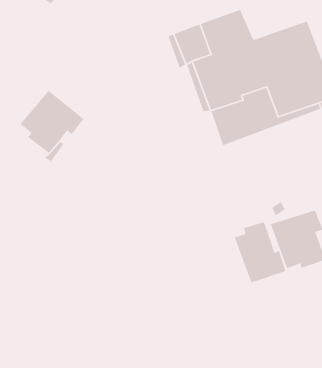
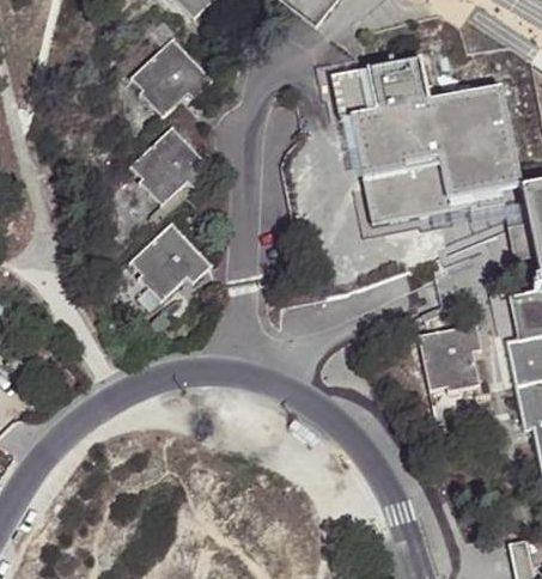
building: none -> [129,33,212,115]
building: none -> [127,225,206,301]
building: [234,221,287,284] -> none

